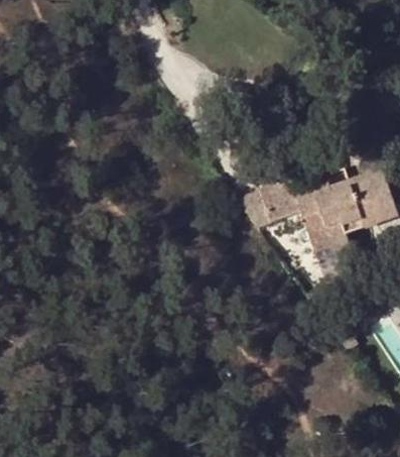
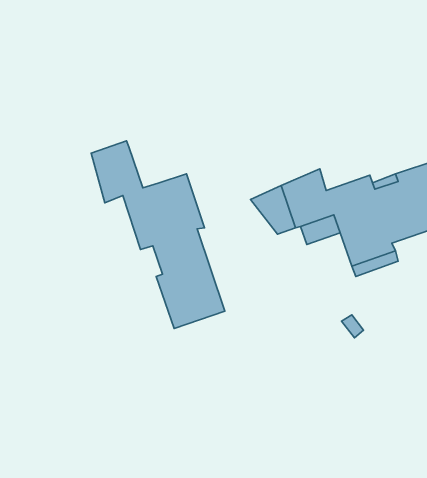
building: none -> [91,141,225,328]

